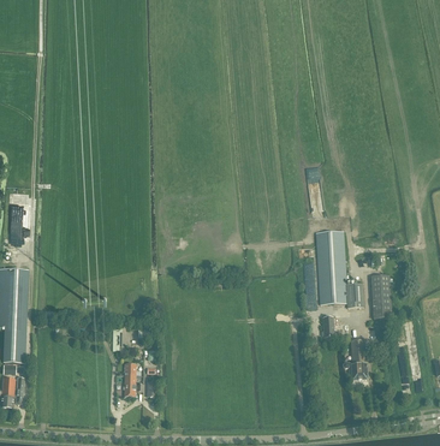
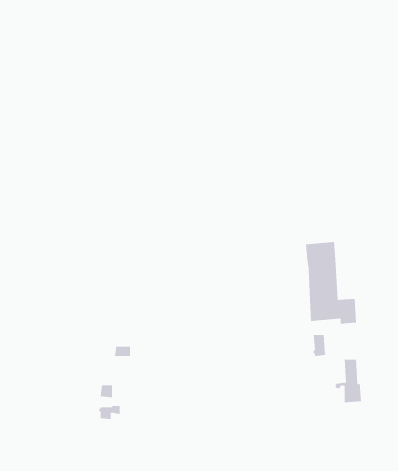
building: [370,274,391,317] -> none

